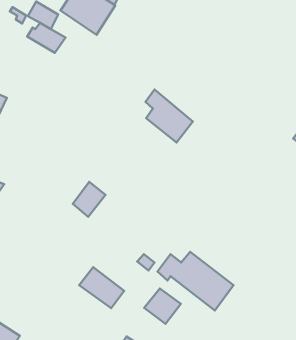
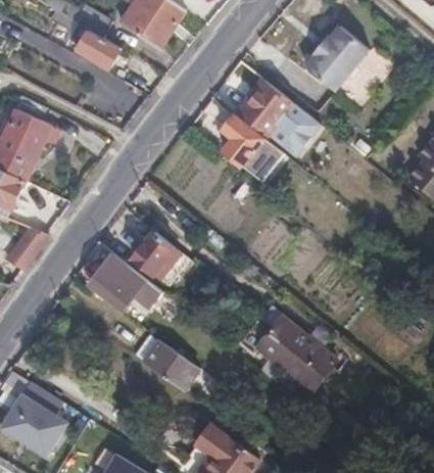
building: none -> [304,23,368,90]
building: none -> [239,79,321,157]
building: none -> [90,254,161,309]
building: [144,289,181,324] -> none

